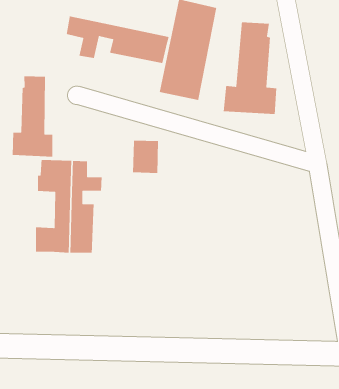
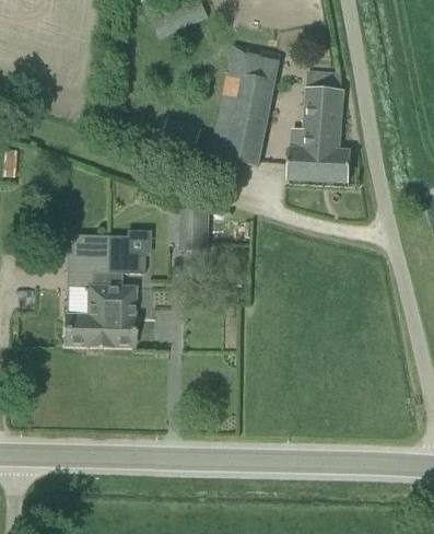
building: [66,16,169,64] -> none
building: [12,75,53,158] -> none

